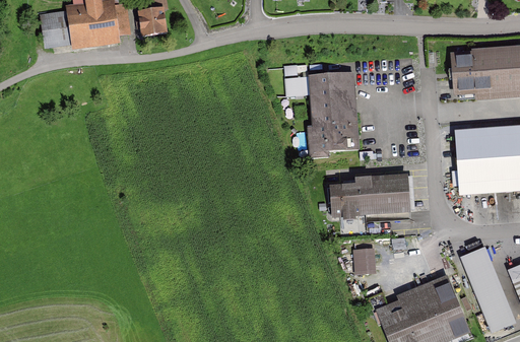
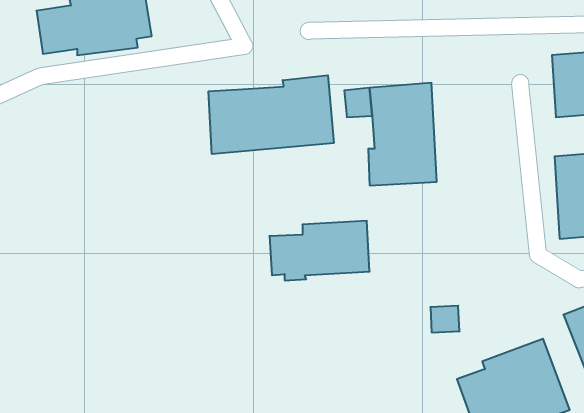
building: [139,11,165,37] -> none
building: none -> [209,75,334,154]
building: [330,176,410,223] -> [269,221,370,280]

